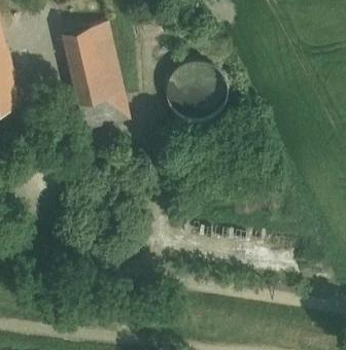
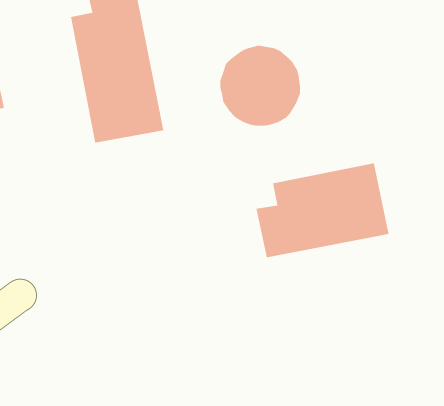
building: none -> [256,162,389,258]

